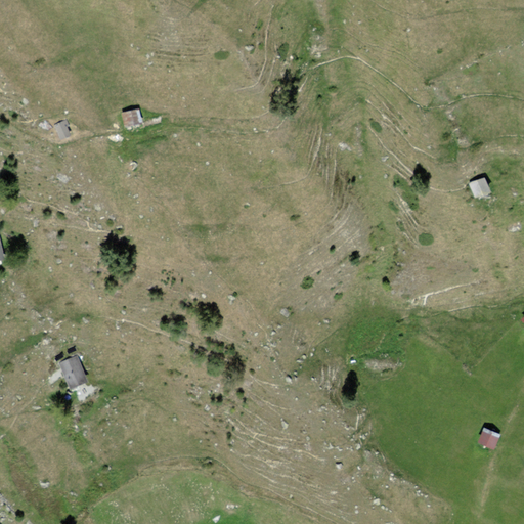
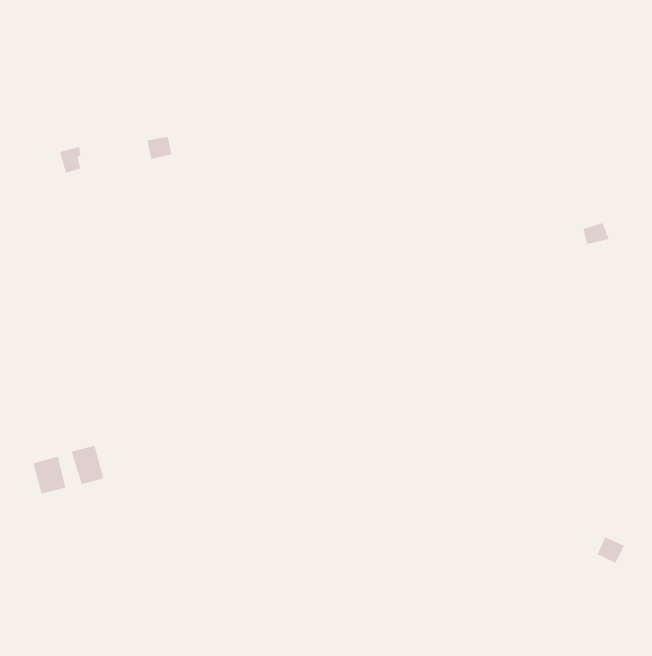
building: none -> [33,456,66,494]

